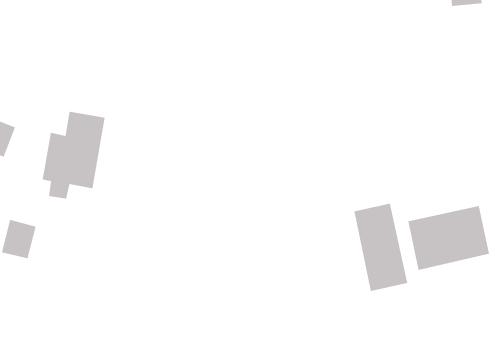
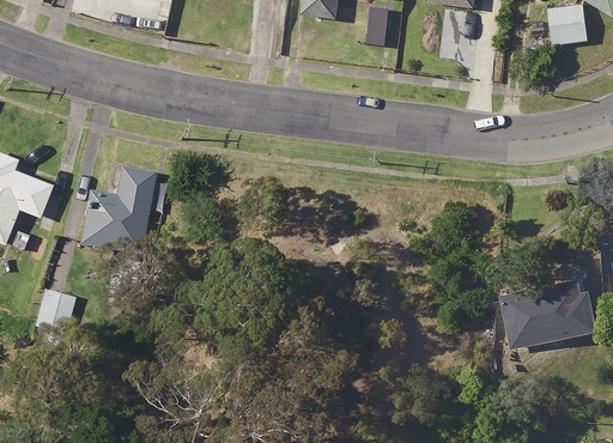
building: [354,203,408,292] -> none

